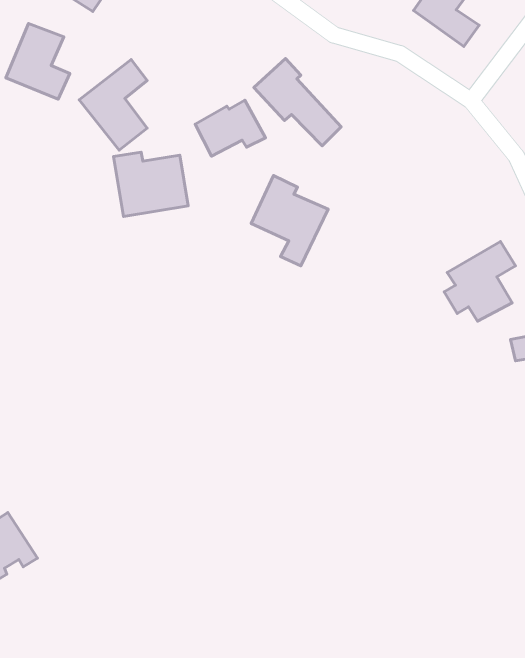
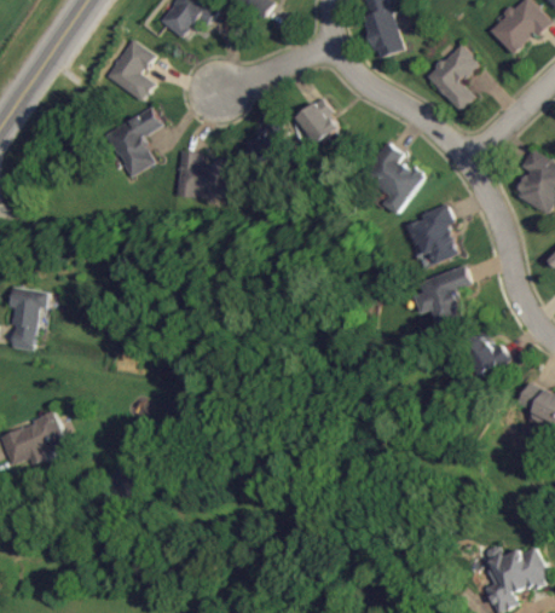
building: [79,60,147,150] -> [105,109,160,177]
building: none -> [406,206,458,265]
building: [251,175,328,266] -> [363,143,423,215]

